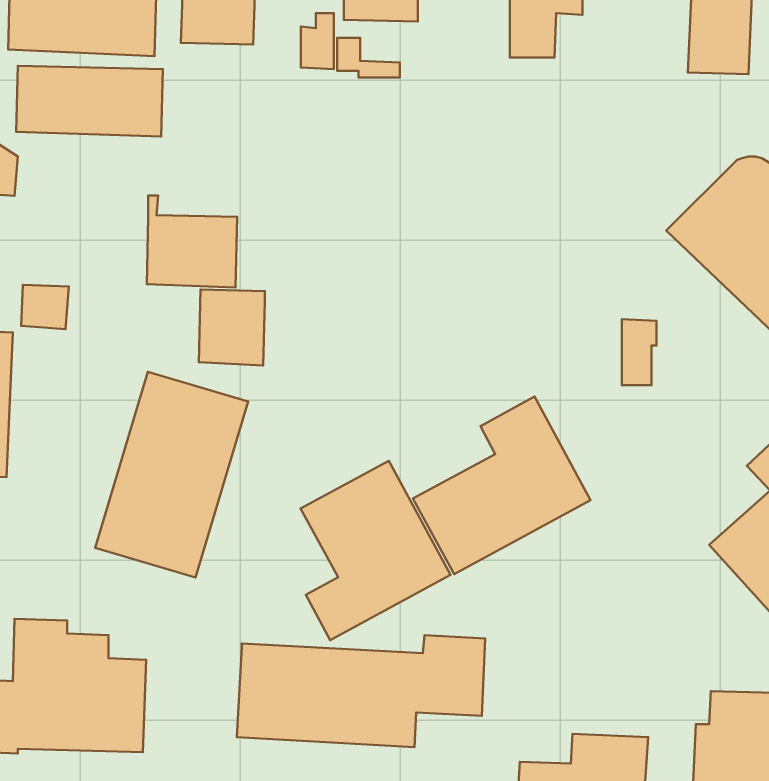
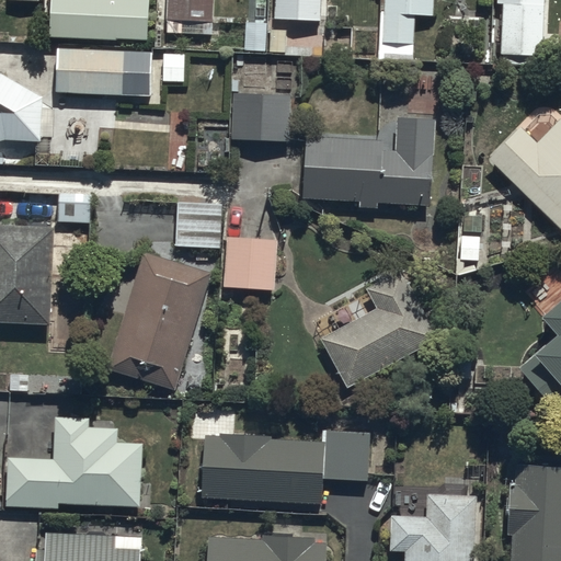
building: none -> [301,115,432,207]
building: [147,195,237,288] -> [231,79,291,140]
building: none -> [224,234,276,289]
building: [301,461,451,640] -> none

